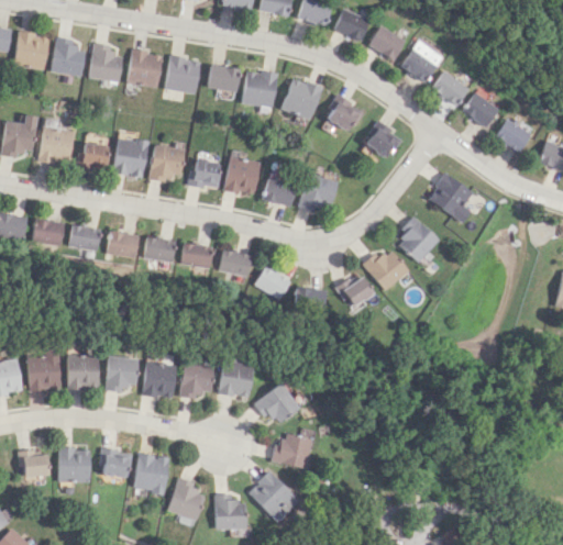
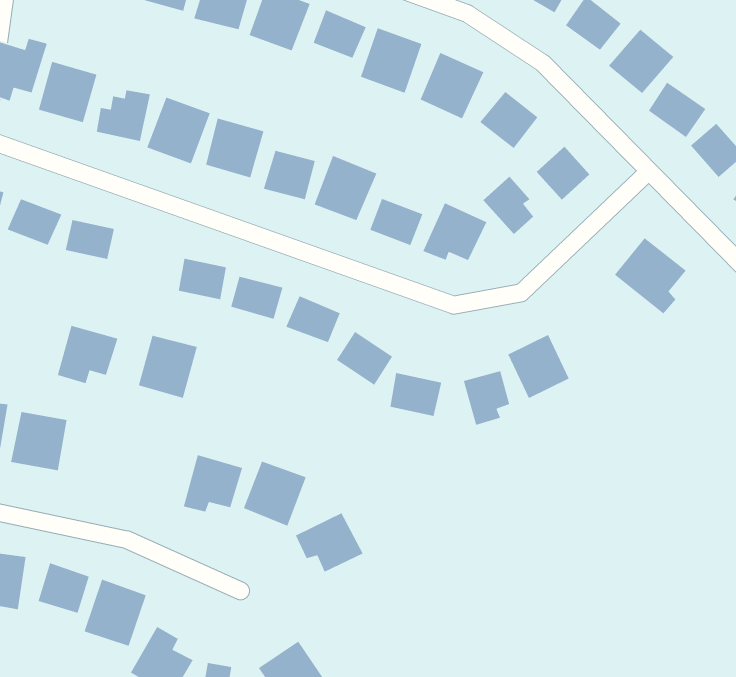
building: none -> [482,176,534,235]
building: [398,216,440,263] -> none
building: [110,233,141,256] -> none
building: [100,356,135,392] -> [57,325,118,384]
building: [139,362,173,399] -> [138,335,198,399]
building: [267,427,311,469] -> none

